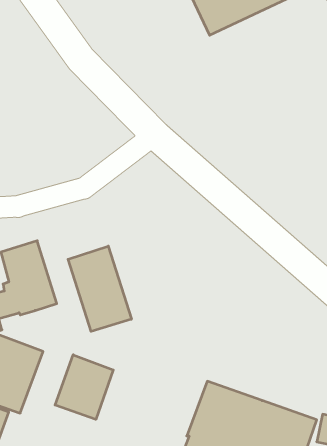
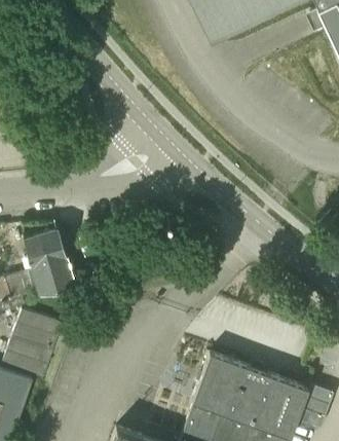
building: [68,246,131,331] -> none
building: [55,355,113,419] -> none

